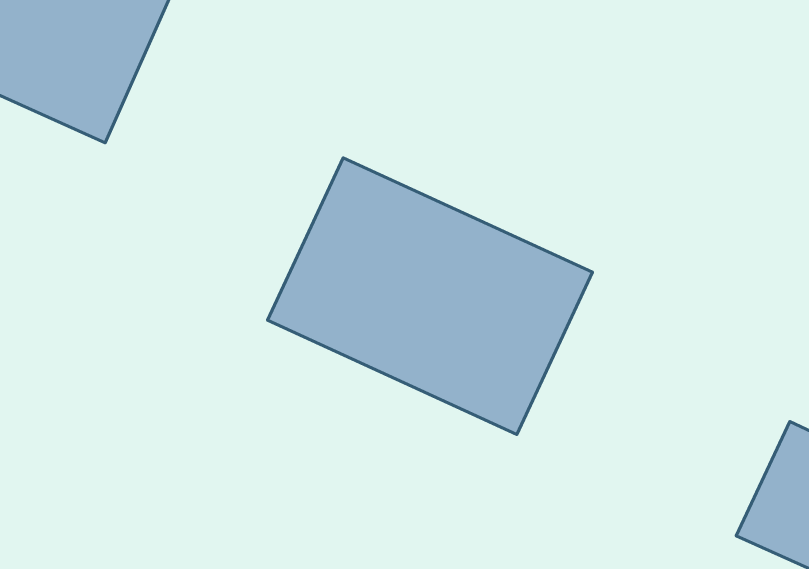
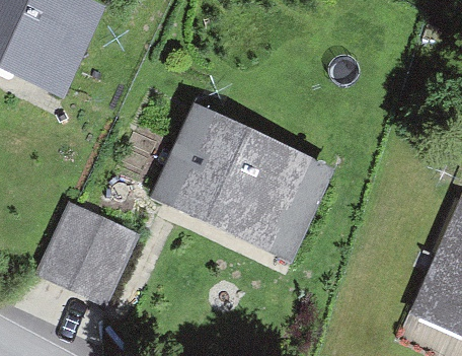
building: none -> [43,204,136,294]

